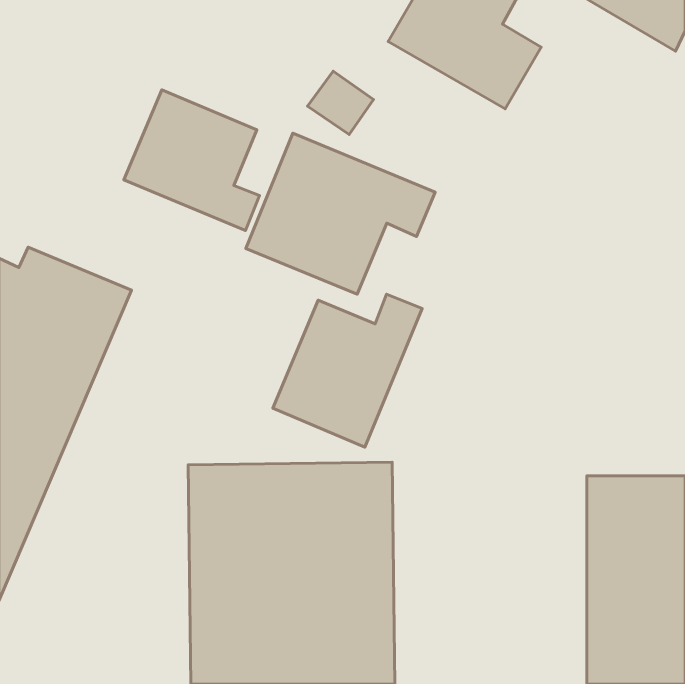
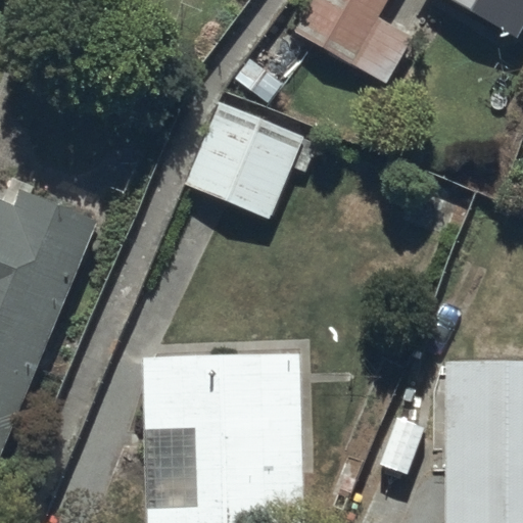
building: [124,90,260,230] -> none
building: [273,294,422,447] -> none

